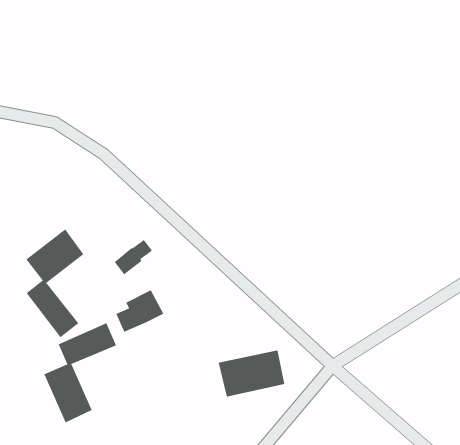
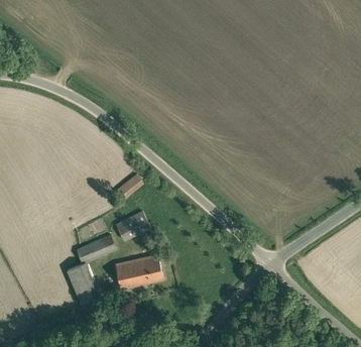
building: [26,228,84,338] -> none
building: [218,350,285,397] -> [115,255,162,288]

